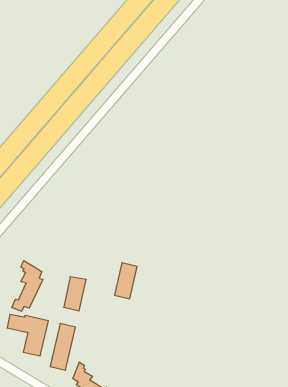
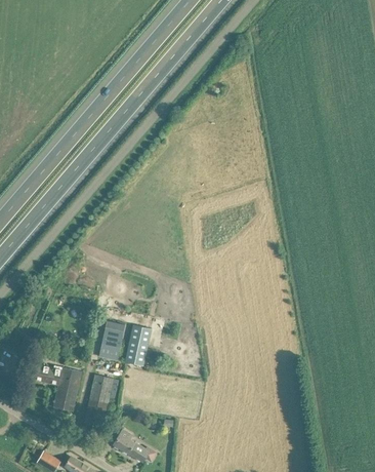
building: [12,261,43,311] -> none
building: [115,263,137,299] -> [125,325,151,366]

